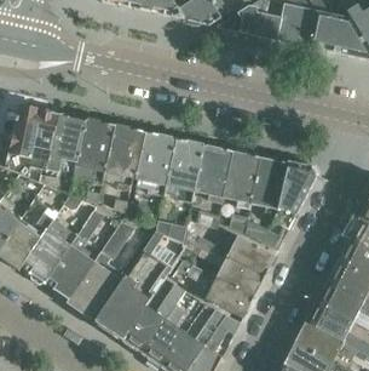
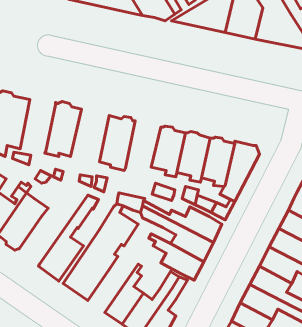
building: [46,114,86,172] -> none
building: [103,122,143,190] -> none
building: [165,138,204,201] -> none
building: [45,211,104,301] -> none
building: [122,297,179,354] -> none

